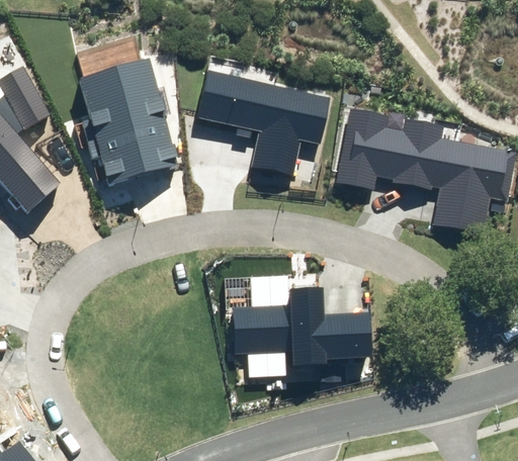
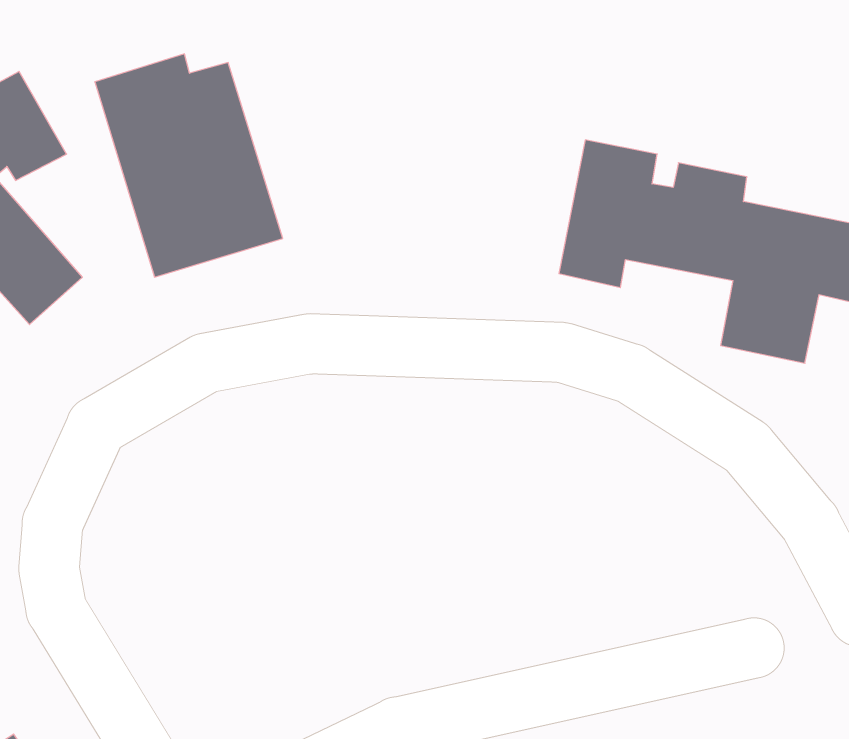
building: [194,69,332,171] -> none
building: [239,288,370,370] -> none

